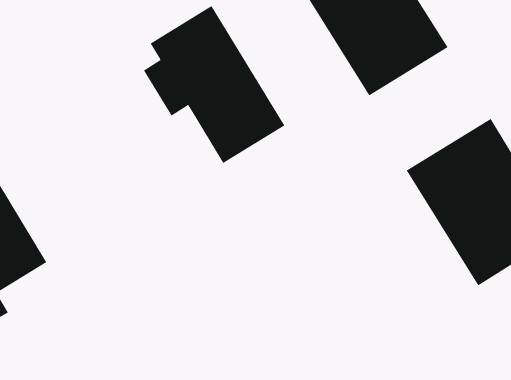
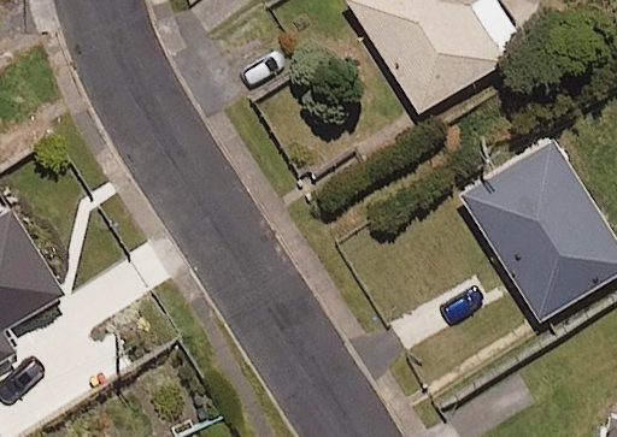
building: [143,5,285,164] -> none

